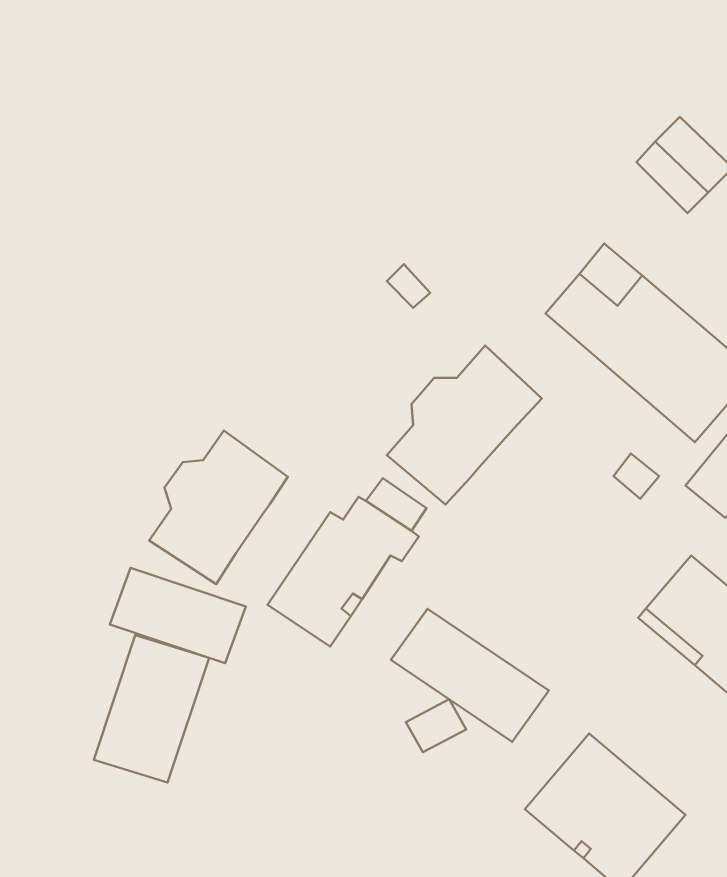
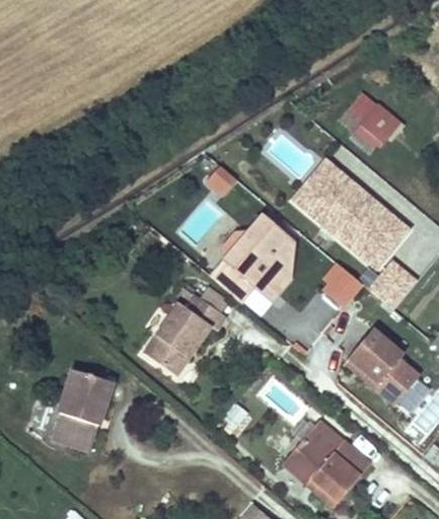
building: none -> [254,242,294,299]
building: [149,431,288,584] -> none
building: [110,568,246,663] -> none
building: [391,609,549,742] -> none

